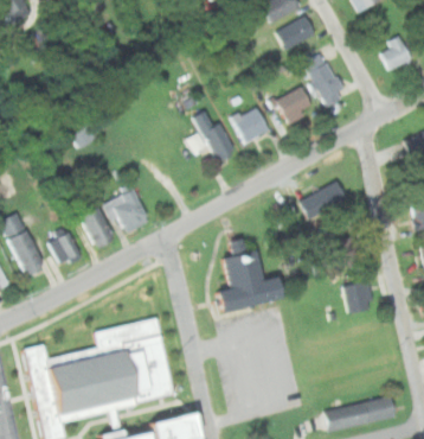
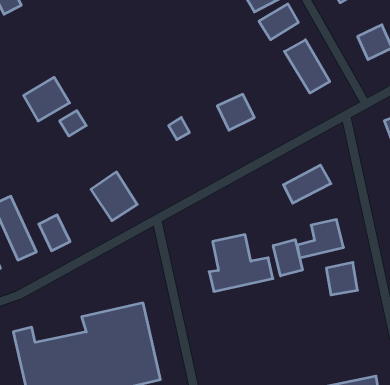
building: [276,85,314,122] -> none
building: none -> [24,77,70,121]
building: [193,112,233,161] -> none
building: [83,205,120,248] -> none
building: none -> [273,240,302,276]

